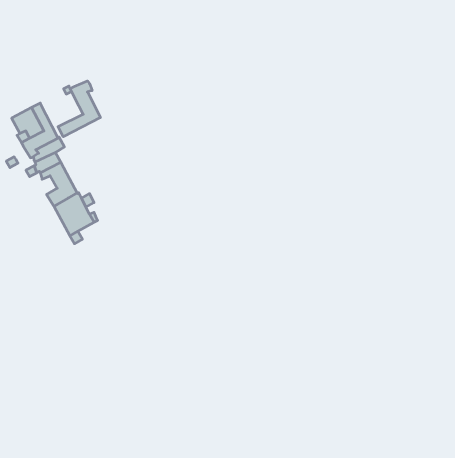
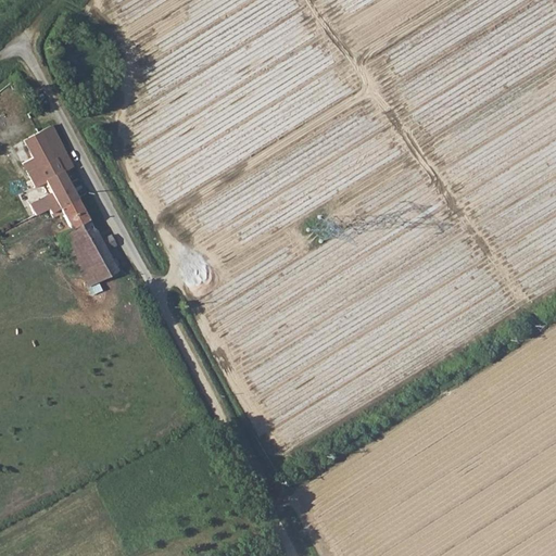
building: [58,81,100,137] -> none

